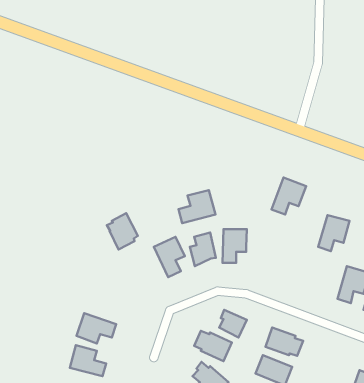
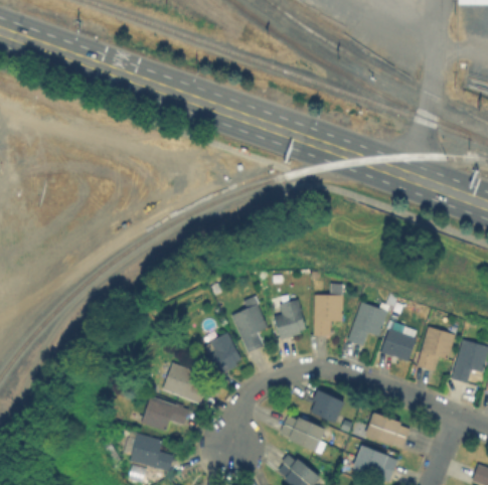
building: [272,178,306,215] -> [344,302,385,346]
building: [179,190,215,223] -> none
building: [107,213,138,249] -> [204,332,241,375]
building: [318,215,349,251] -> [418,327,455,370]
building: none -> [378,328,414,362]
building: none -> [163,363,206,403]

